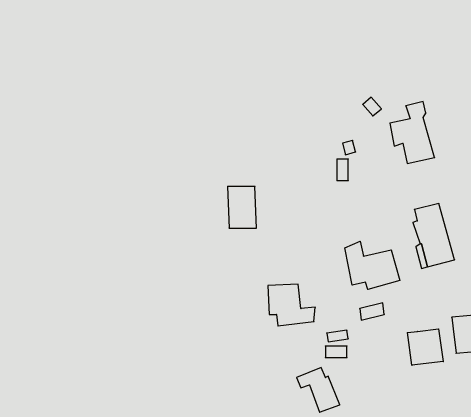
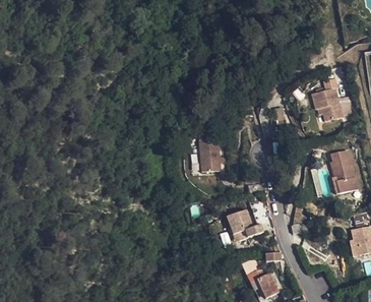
building: [345,241,400,289] -> none
building: [407,329,443,365] -> none

